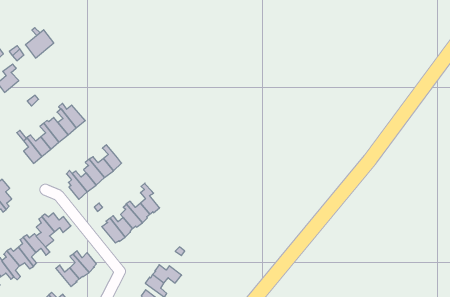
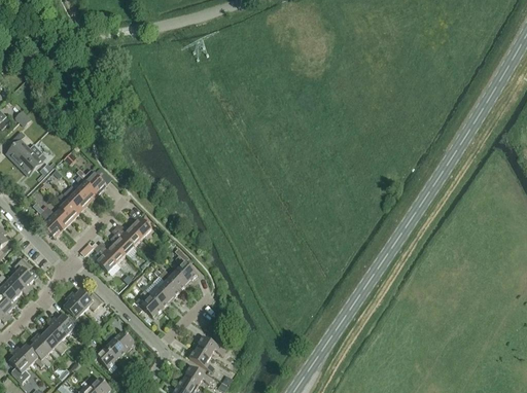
building: [25,30,54,58] -> [14,143,45,175]

